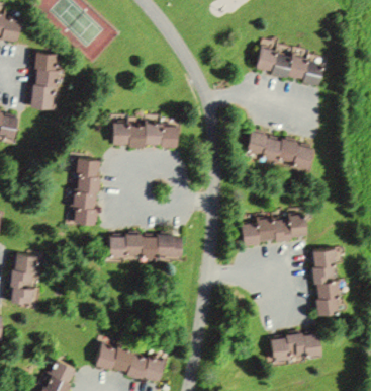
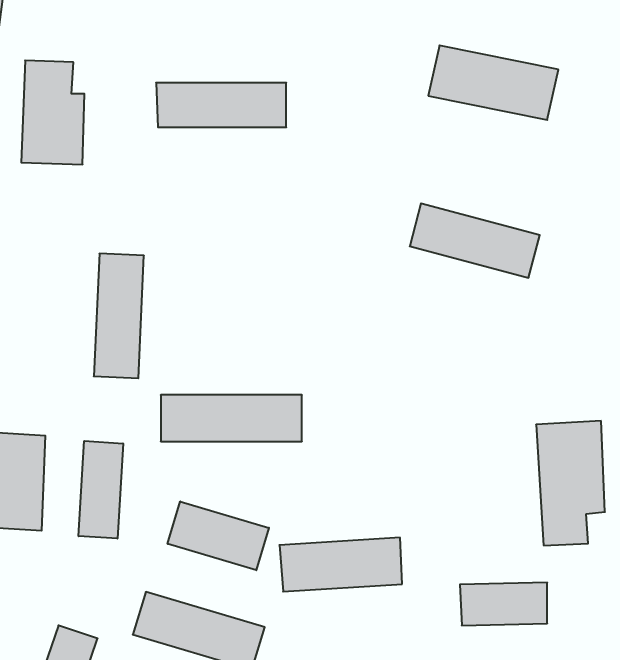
building: [109,123,180,147] -> [156,83,286,127]
building: [240,215,306,244] -> [279,538,402,592]
building: none -> [79,441,123,539]
building: none -> [168,501,269,570]

